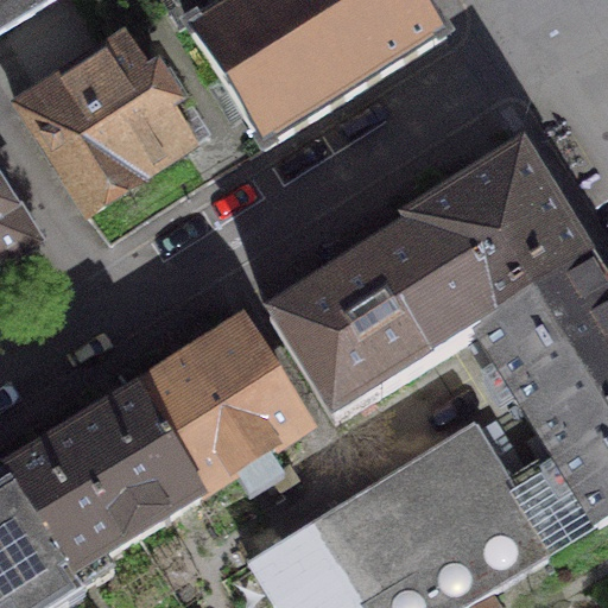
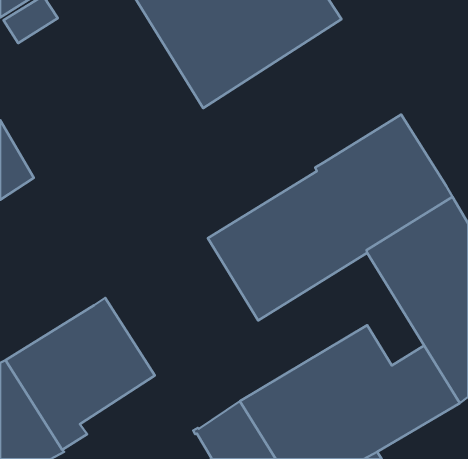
building: [20,39,185,207] -> none
building: [137,322,303,487] -> none

